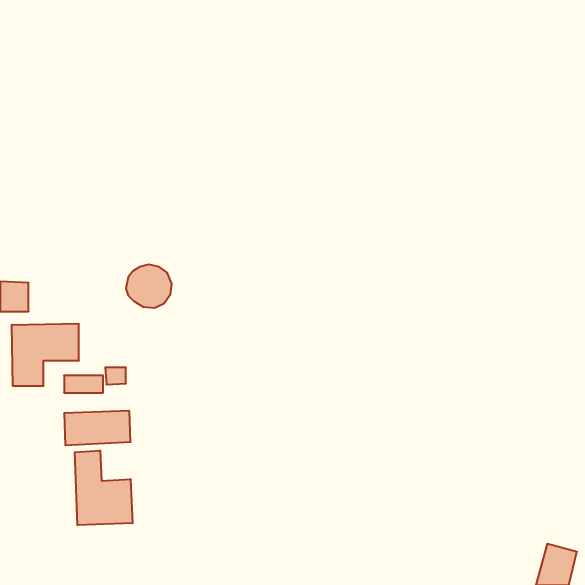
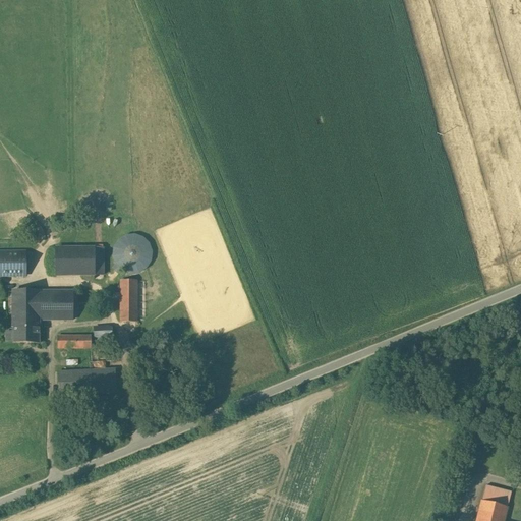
building: none -> [55,245,106,276]
building: none -> [119,280,138,322]
building: [75,450,133,525] -> none

